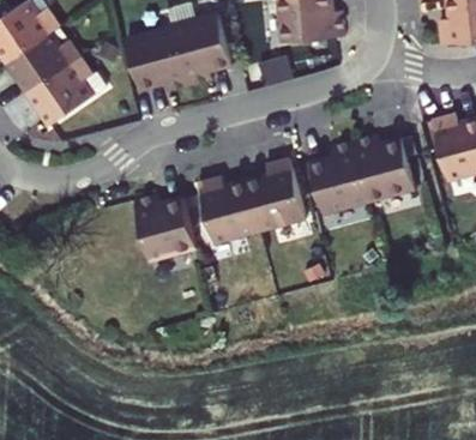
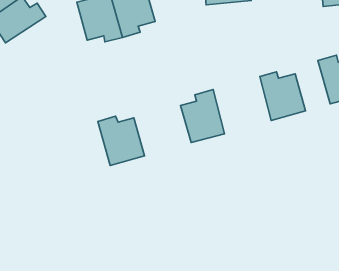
building: [11,59,90,127] -> none
building: [313,140,373,212] -> none
building: [201,176,264,242] -> none

